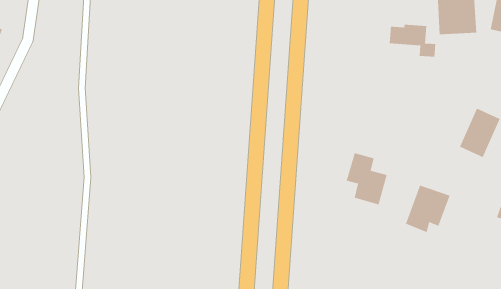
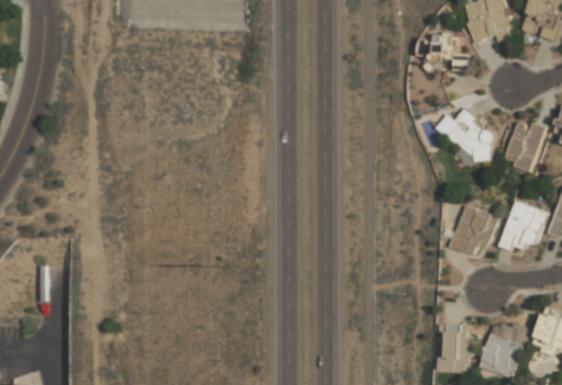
building: [346,153,388,205] -> [450,111,494,165]
building: none -> [498,201,546,252]

